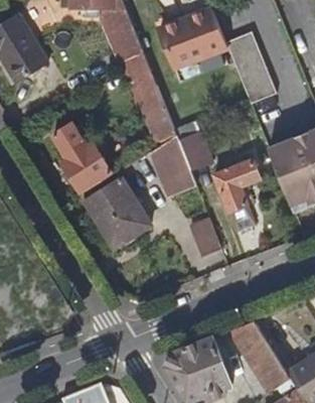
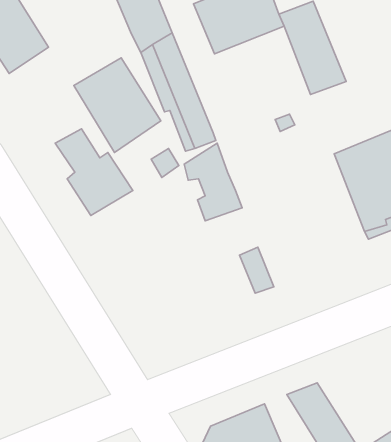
building: [174,121,214,174] -> none
building: [214,162,258,213] -> none
building: [87,179,153,252] -> [74,58,161,152]

